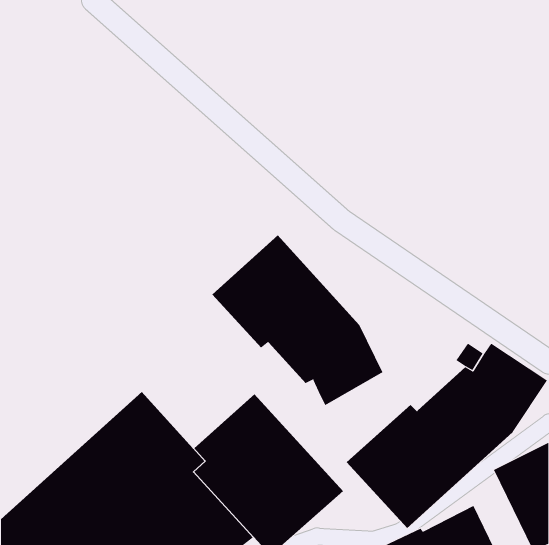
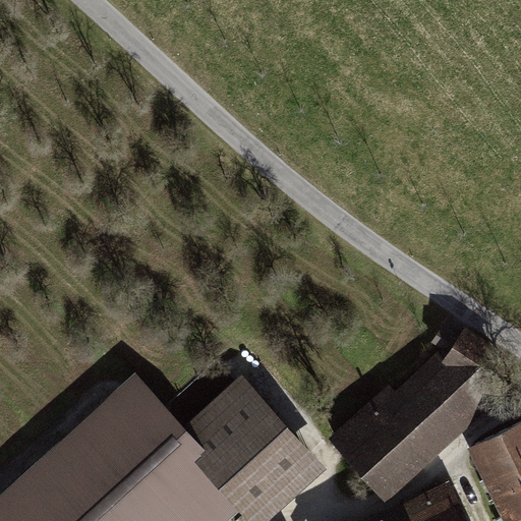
building: [211,235,383,406] -> none

